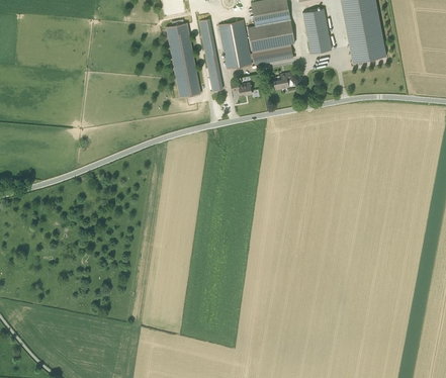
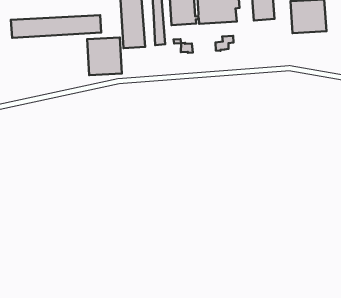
building: none -> [11,15,101,38]
building: none -> [87,38,122,75]

